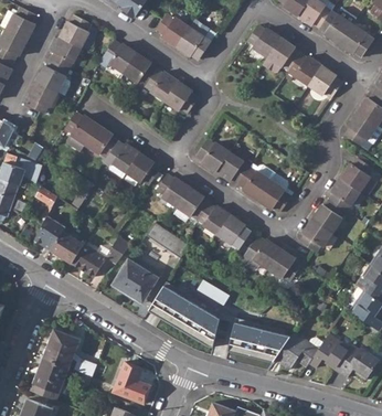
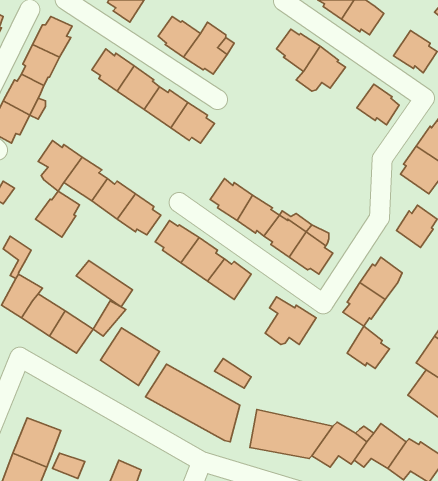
building: [321,11,353,44] -> none
building: [290,53,325,85] -> none
building: none -> [36,191,79,237]
building: [330,181,361,214] -> none
building: [215,215,250,248] -> none
building: [145,223,189,259] -> [76,260,132,307]
building: [266,249,299,282] -> [347,326,389,369]

